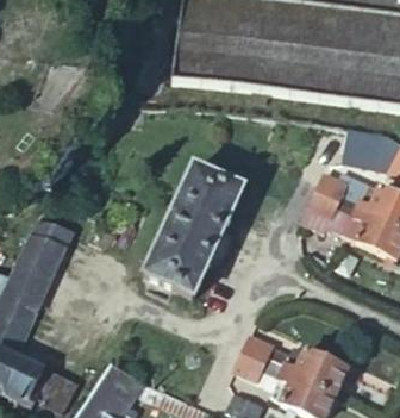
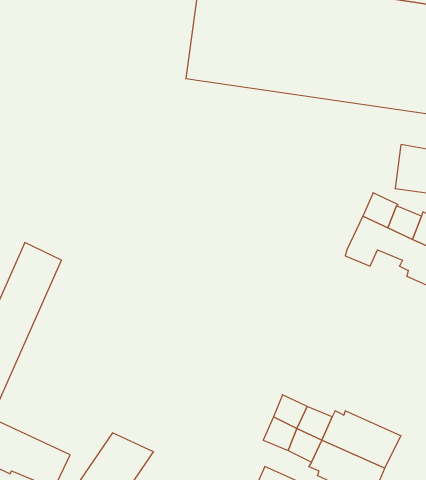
building: [144,161,243,294] -> none

